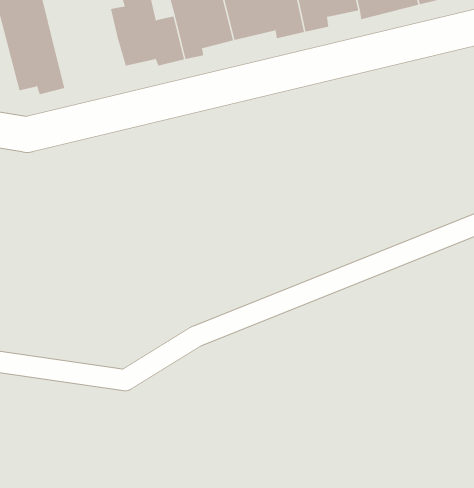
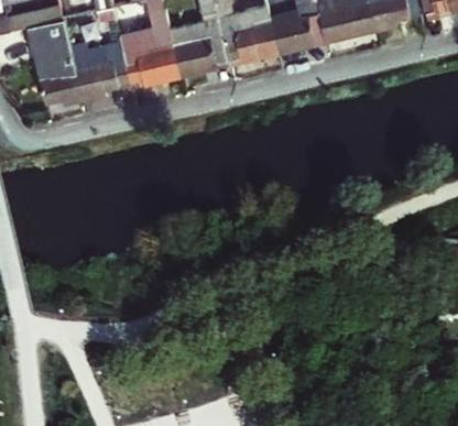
building: none -> [74,43,135,100]

